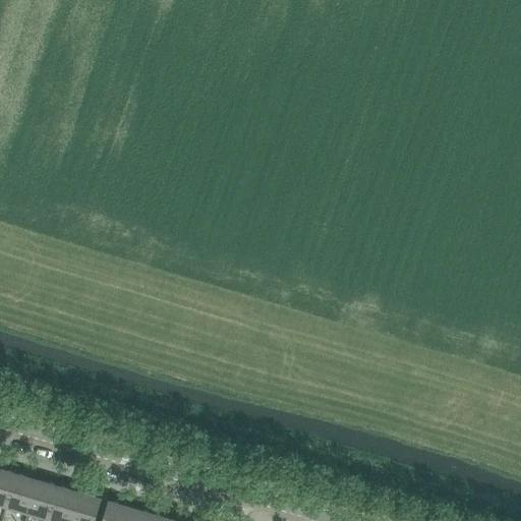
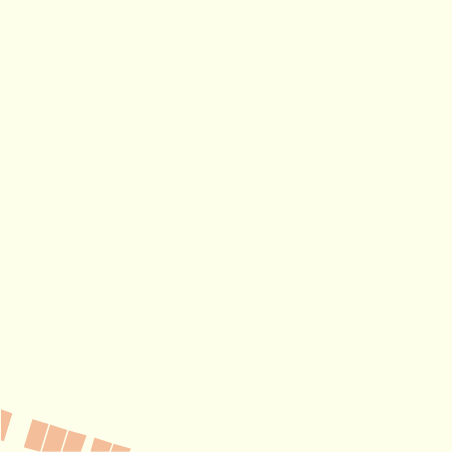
building: [5,475,37,515] -> none

